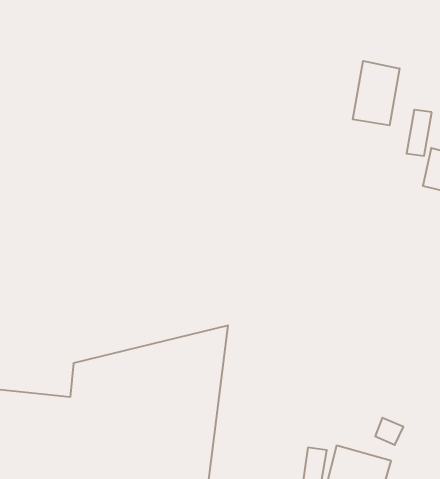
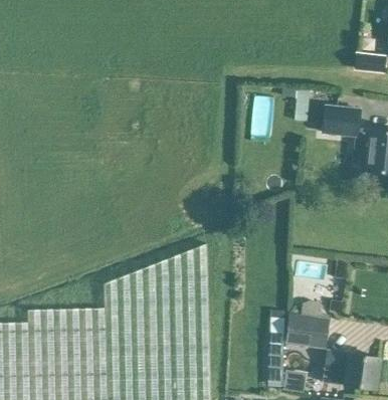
building: [353,61,400,125] -> none

